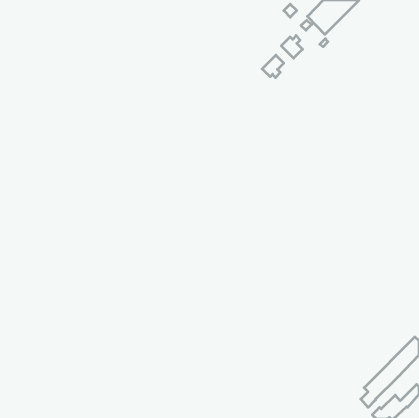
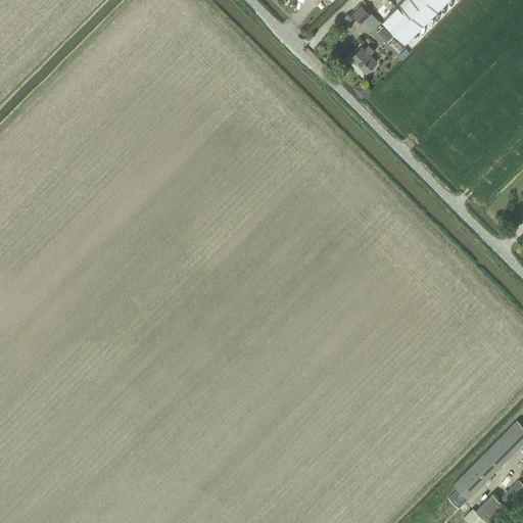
building: [262,55,284,78] -> none

